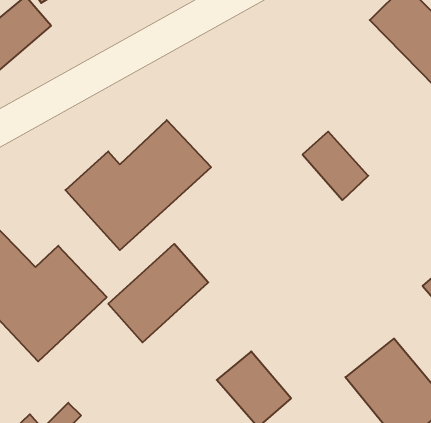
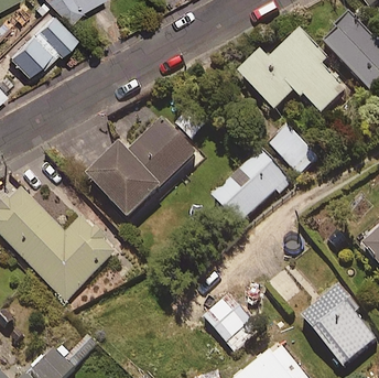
building: none -> [236,26,347,112]
building: [108,244,208,342] -> [210,148,288,224]

